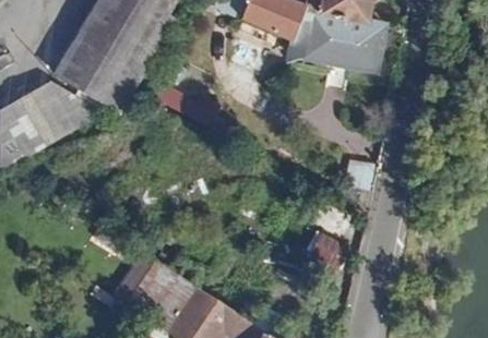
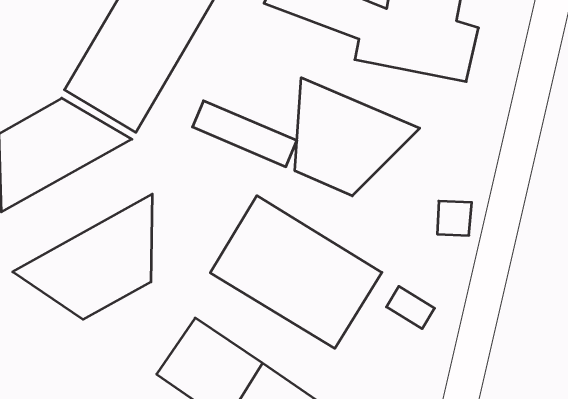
building: none -> [295,78,420,196]
building: none -> [13,194,152,319]
building: none -> [210,196,382,348]

